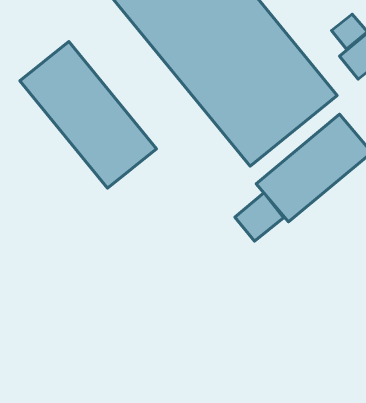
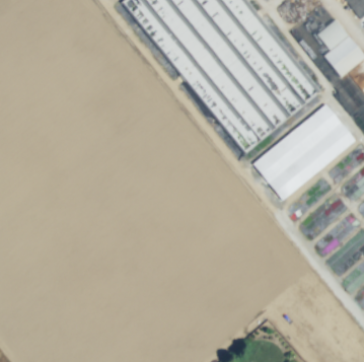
building: [20,42,156,188] -> none
building: [235,193,284,241] -> none

